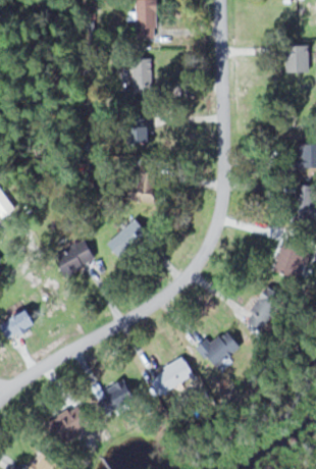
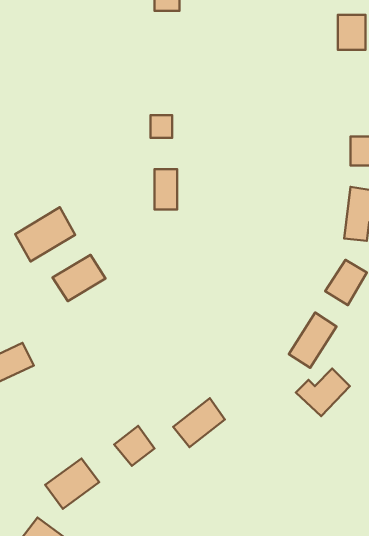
building: [130,58,150,98] -> none
building: none -> [15,207,75,261]
building: [105,219,147,257] -> none
building: [195,329,239,368] -> [296,369,350,416]

